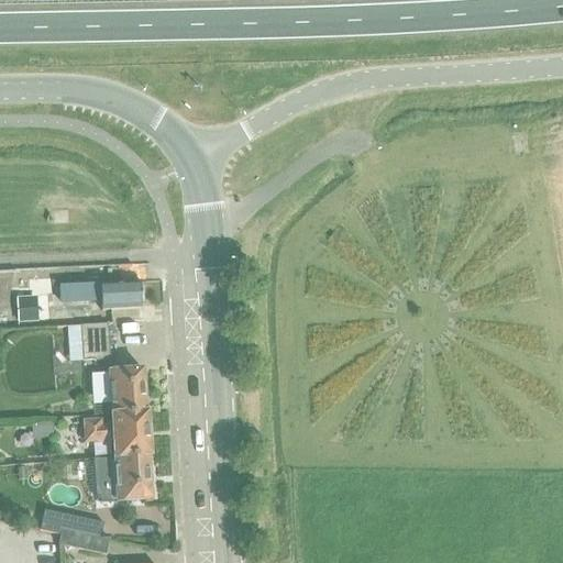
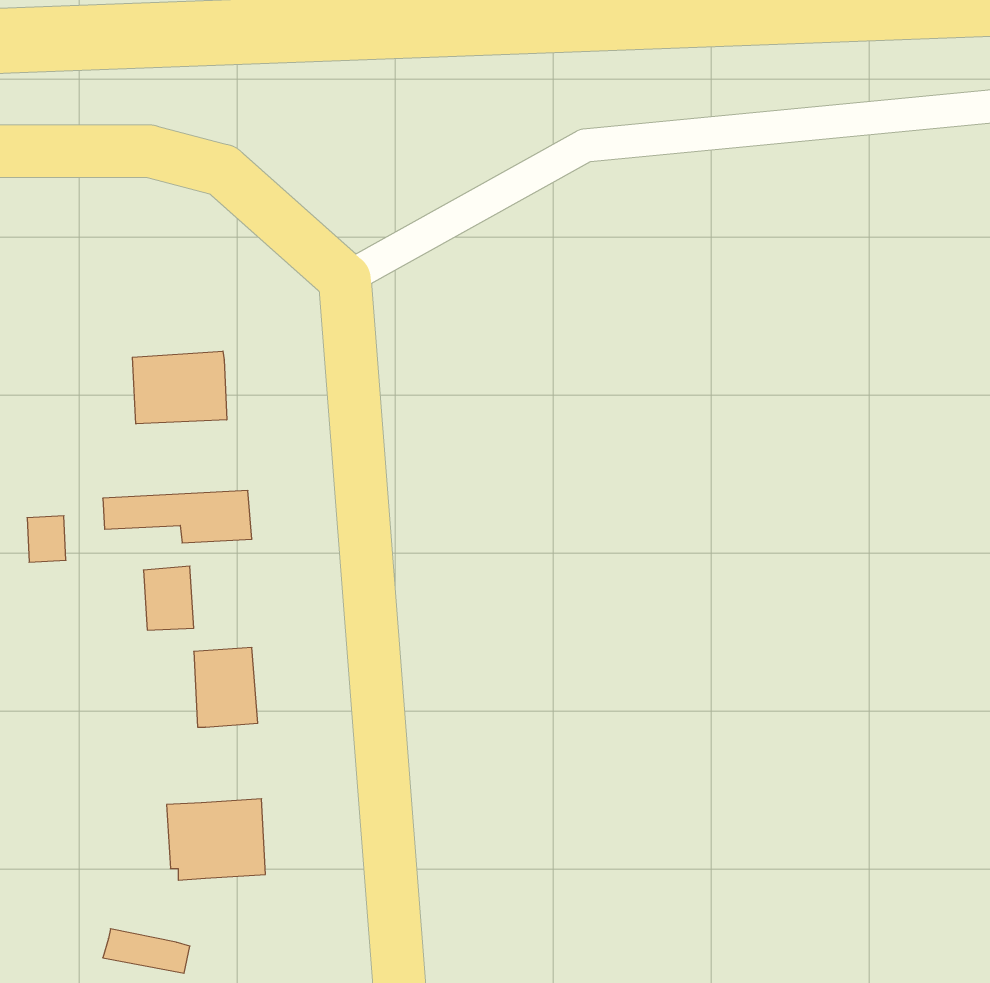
building: none -> [132,351,227,424]
building: [84,410,151,455] -> none
building: [41,508,102,534] -> none

